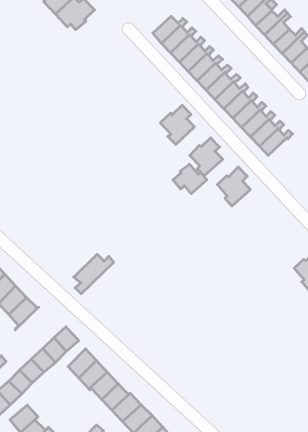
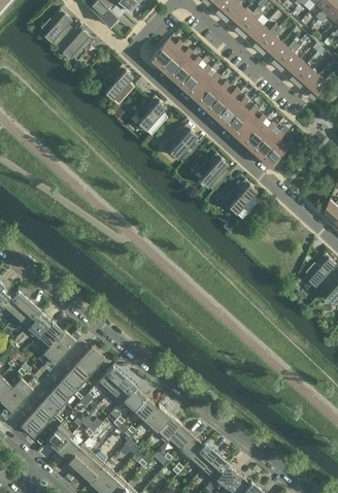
building: none -> [100,66,133,103]
building: none -> [134,96,166,134]
building: [173,164,207,194] -> none
building: [74,254,114,294] -> [42,330,79,369]

